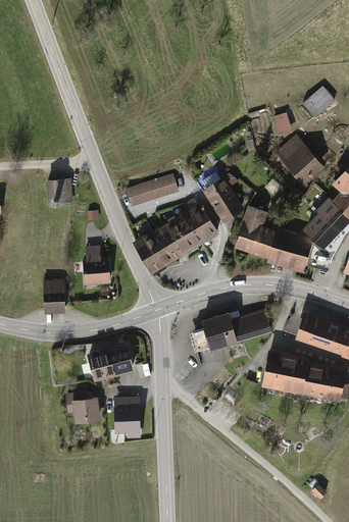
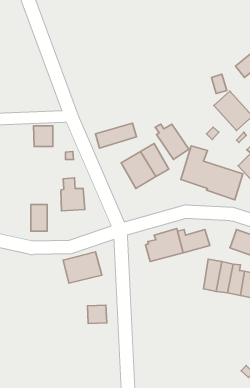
building: [134,226,177,273] -> none
building: [64,390,99,421] -> none

